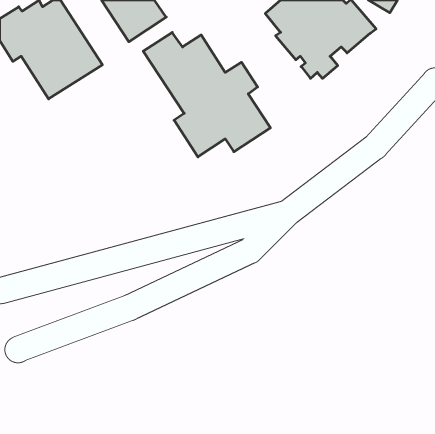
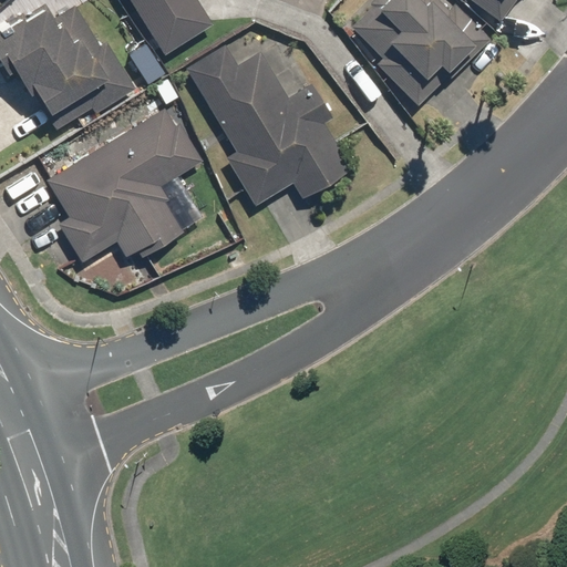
building: none -> [49,105,207,267]

